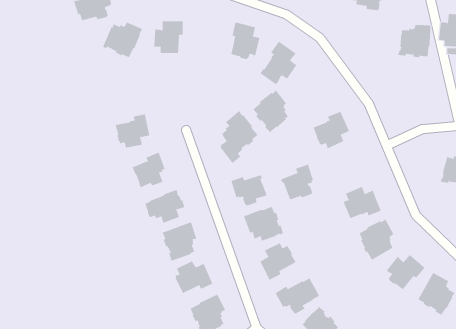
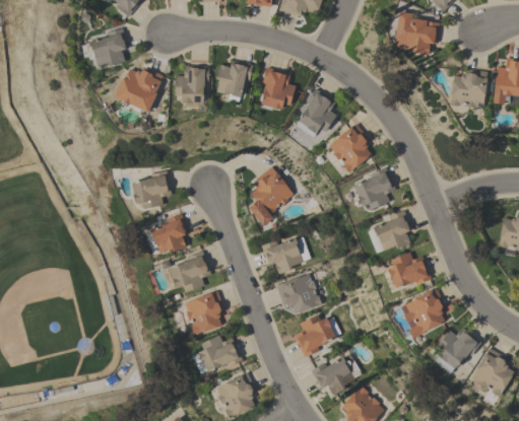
building: none -> [215,60,252,97]
building: [253,89,289,133] -> [329,124,370,172]
building: [281,164,314,200] -> [373,210,410,251]

